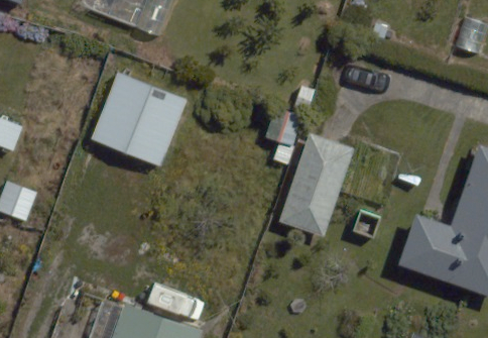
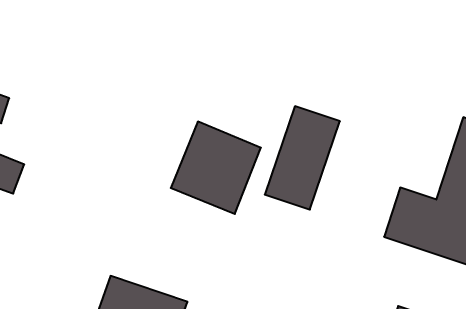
building: [93,75,184,167] -> [171,122,261,214]

